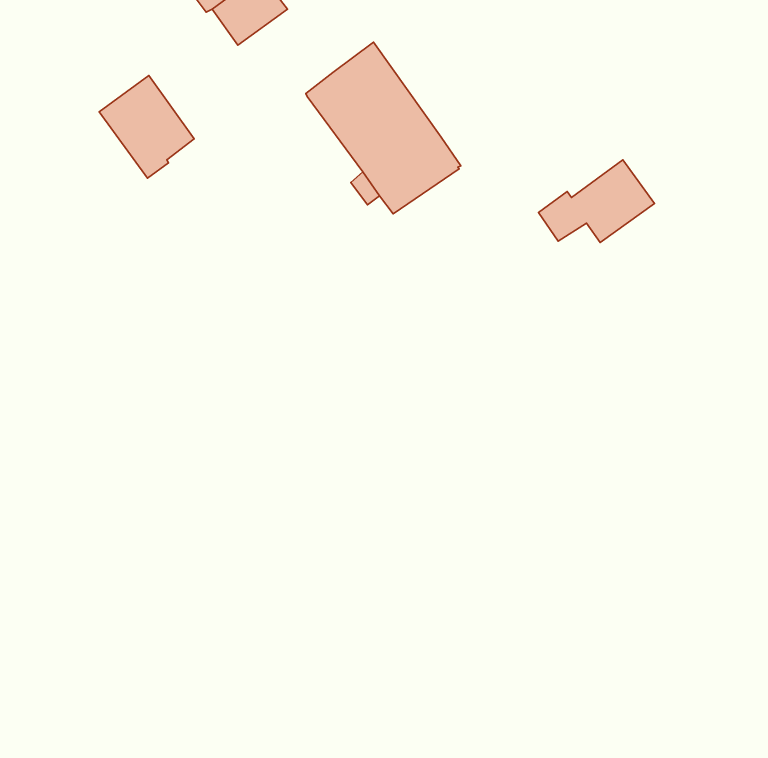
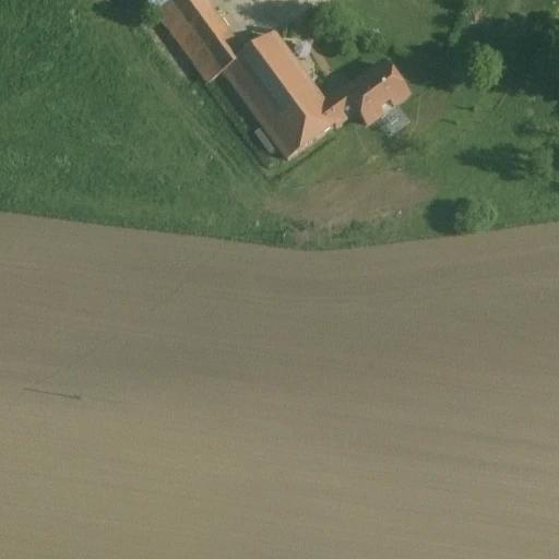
building: [99,76,194,178] -> [174,7,242,81]
building: [538,160,654,243] -> [321,61,405,121]

